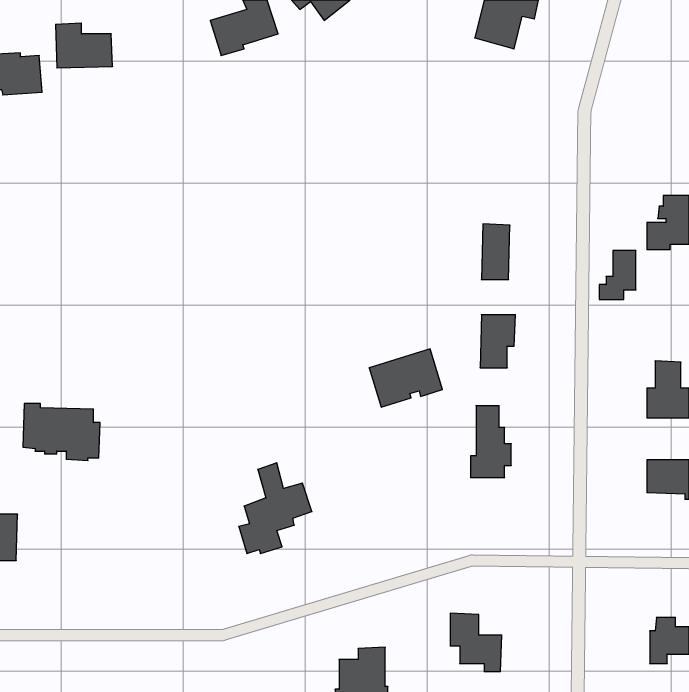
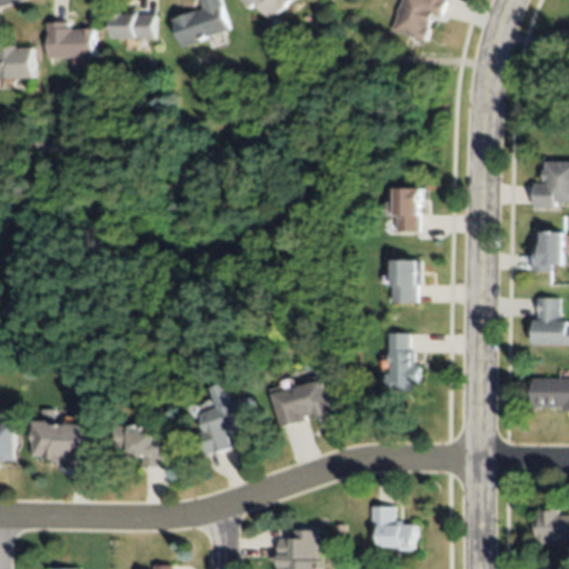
building: none -> [110,11,151,38]
building: [599,251,636,299] -> [530,230,560,270]
building: [369,349,442,407] -> [271,379,331,427]
building: [23,404,100,461] -> [33,420,97,467]
building: none -> [116,427,169,468]

